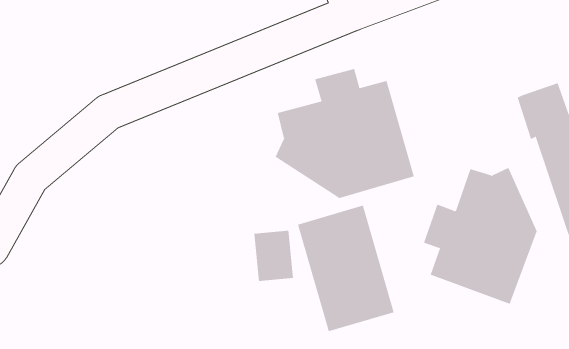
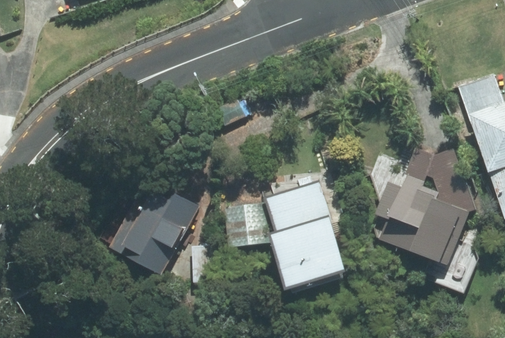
building: [275,68,415,199] -> none
building: none -> [113,186,200,274]

